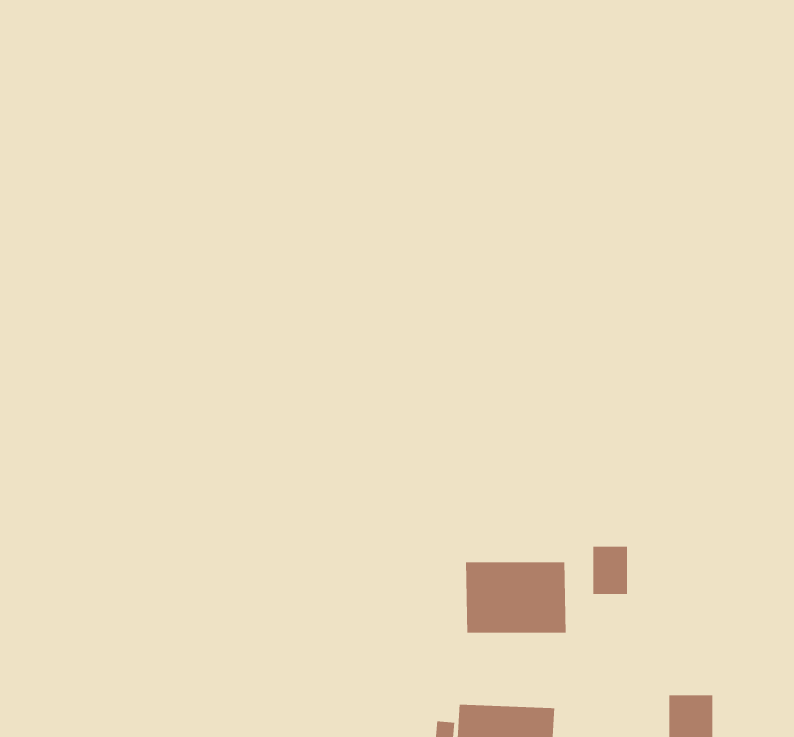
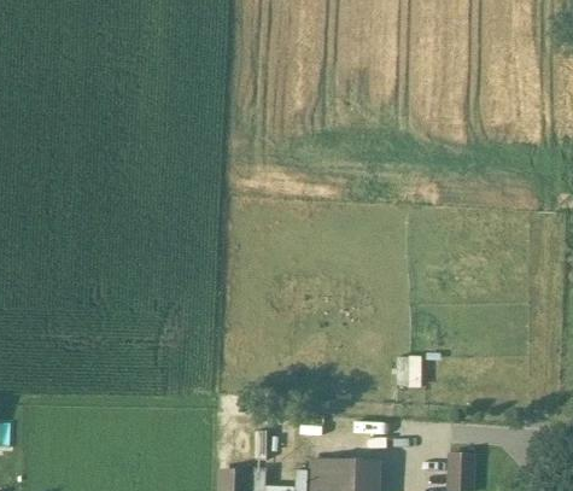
building: [466,561,566,634] -> none

